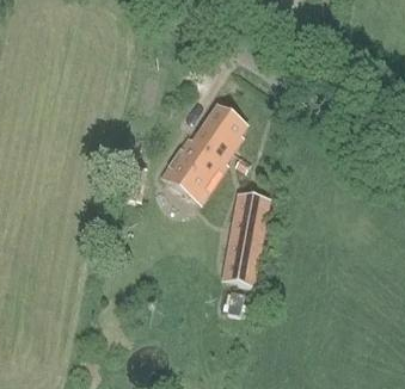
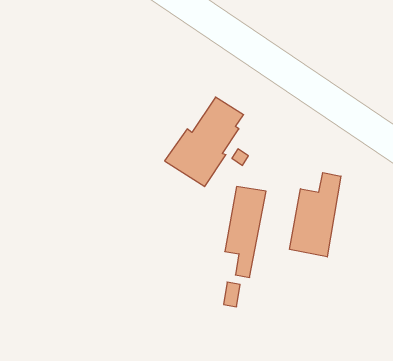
building: none -> [290,173,341,257]

